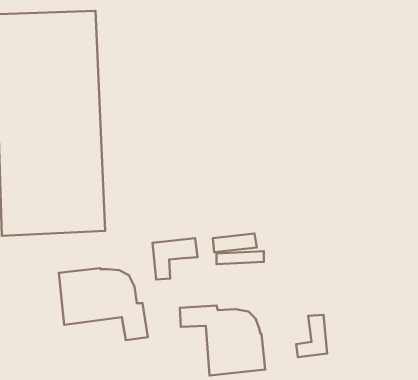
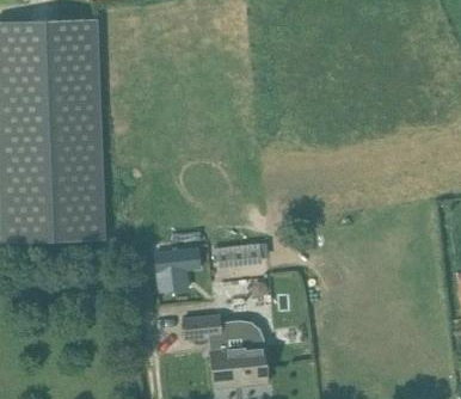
building: [59,268,148,340] -> none
building: [296,315,327,357] -> none

